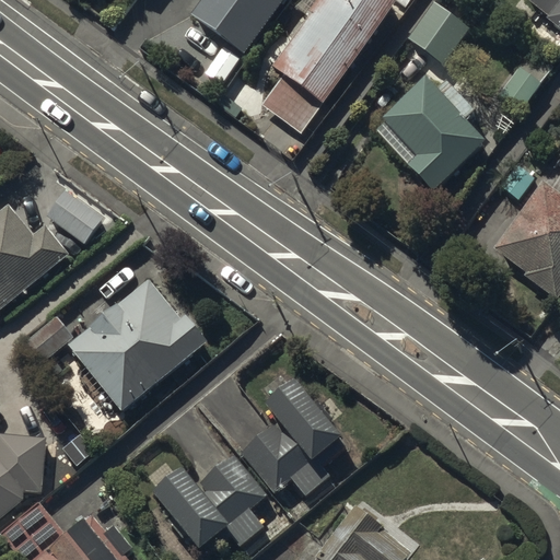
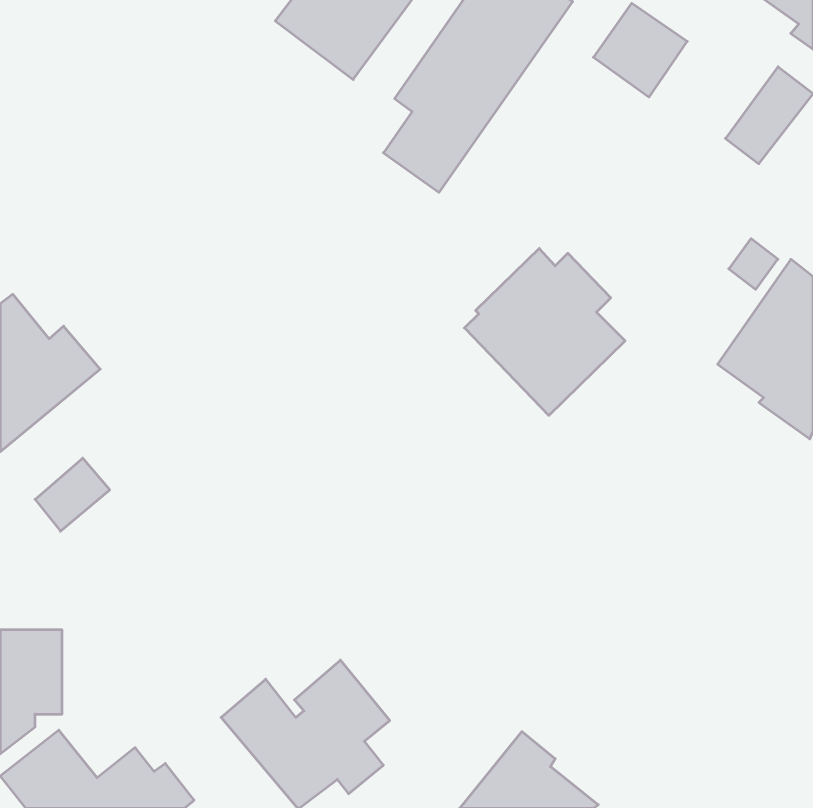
building: [375,77,486,191] -> [464,248,625,415]
building: [46,188,105,244] -> none
building: [68,276,209,415] -> none
building: [240,378,348,497] -> none

